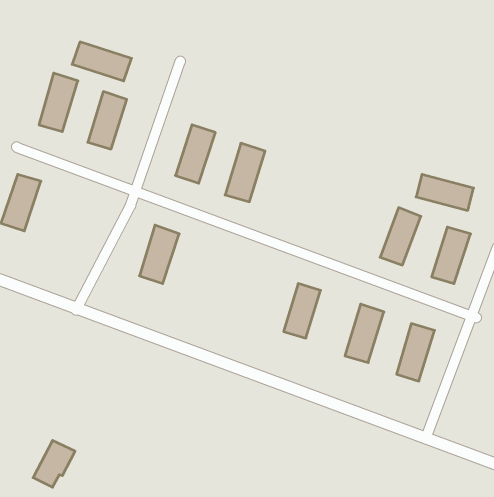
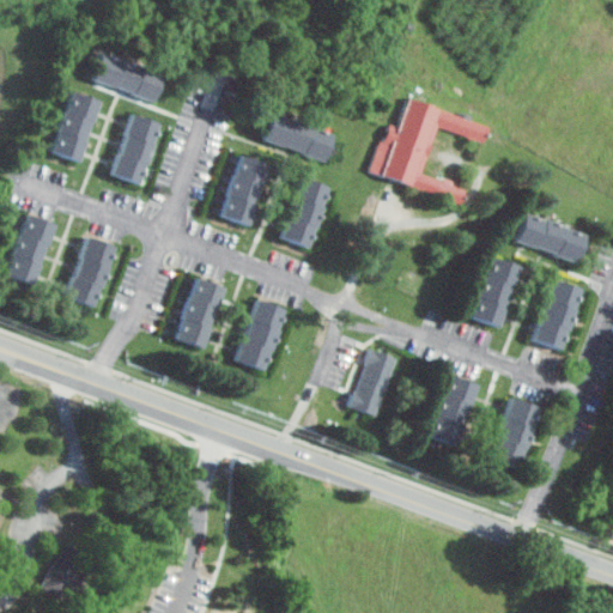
building: none -> [374,99,491,202]
building: none -> [265,114,335,160]
building: none -> [67,238,115,308]
building: none -> [236,302,286,372]

